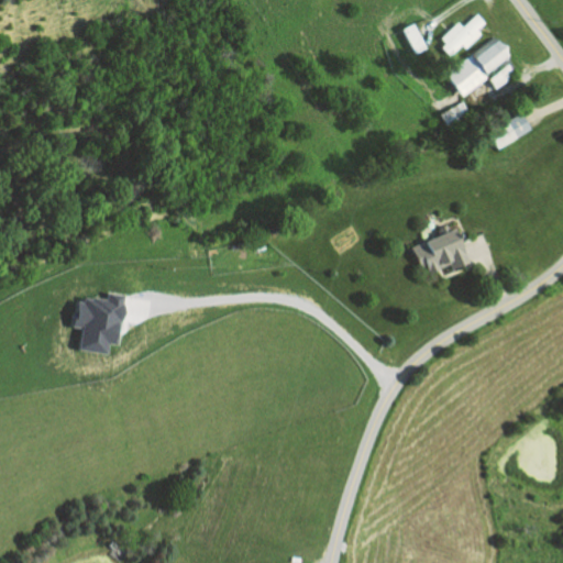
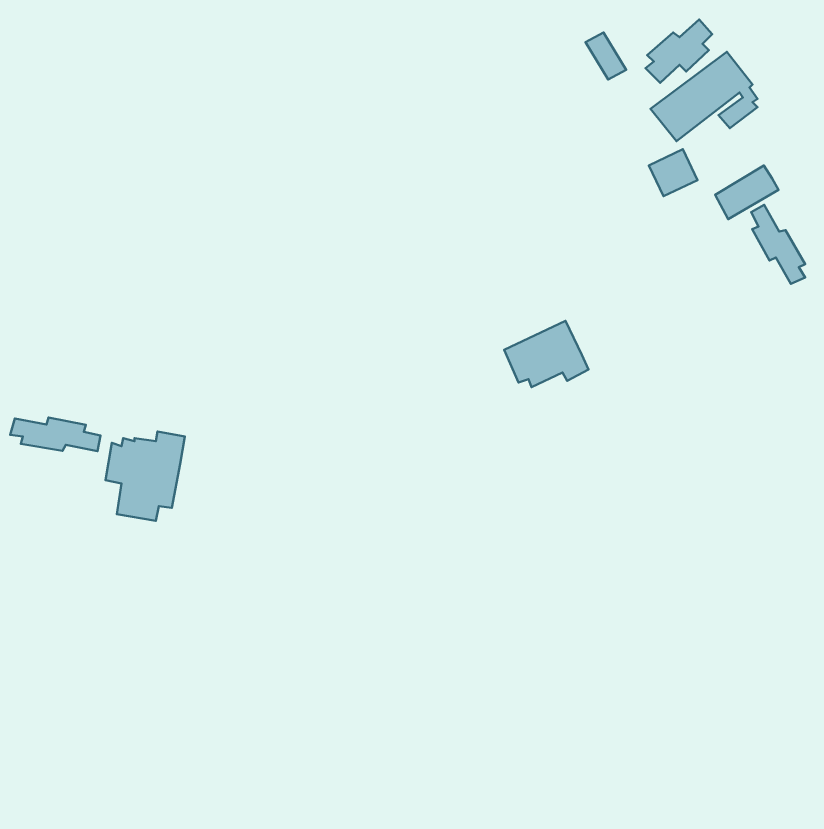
building: none -> [751,205,805,284]
building: [411,229,468,274] -> [504,321,588,387]
building: none -> [10,417,100,451]

